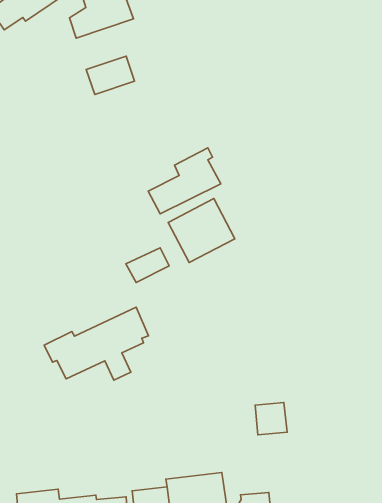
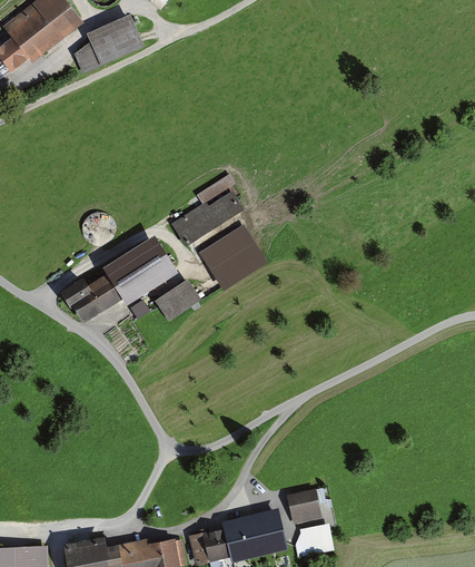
building: [86,56,134,95] -> none
building: [44,307,149,380] -> [63,243,169,323]
building: [255,402,287,435] -> [285,486,320,521]

